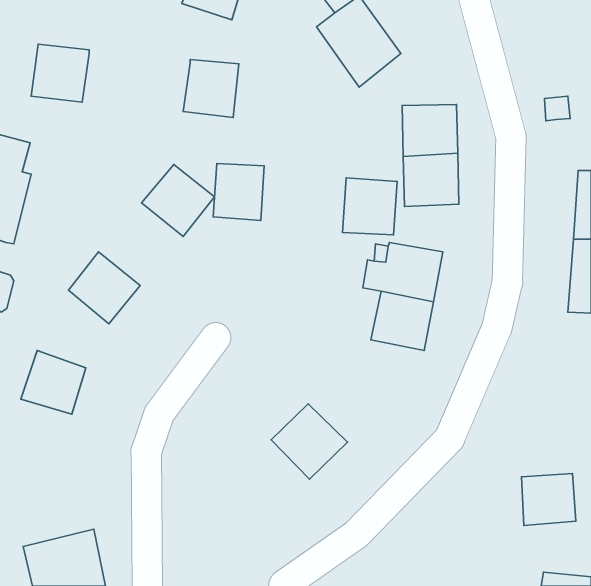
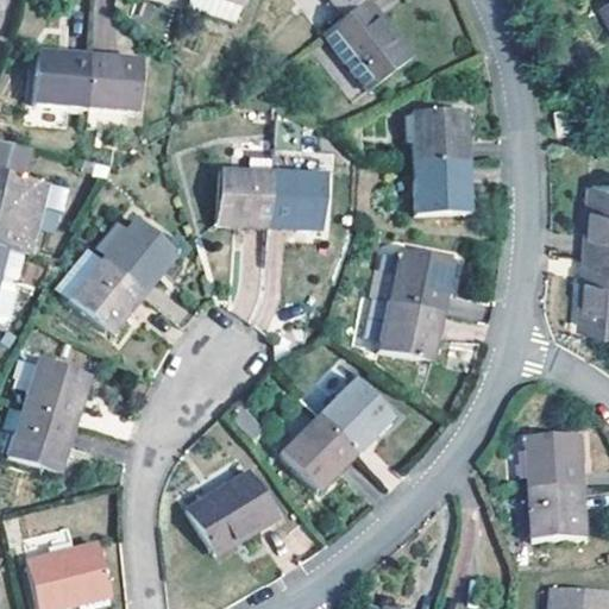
building: [183,59,239,117] -> [84,51,142,111]
building: [142,164,215,236] -> [101,219,176,293]
building: none -> [14,178,55,256]
building: [343,178,397,235] -> [268,170,324,228]
building: none -> [316,378,394,453]
building: none -> [6,409,74,475]
building: none -> [532,431,588,489]
building: none -> [184,472,277,557]

